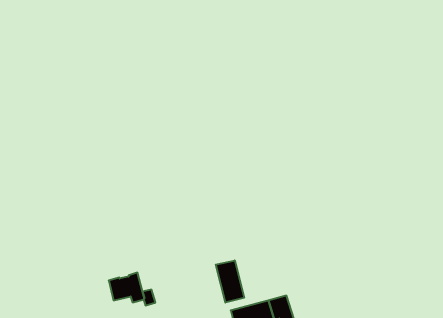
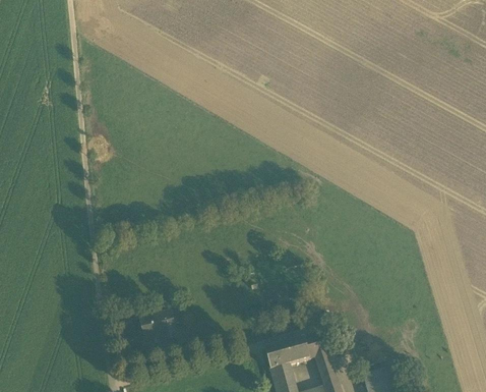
building: [216,260,244,303] -> none

